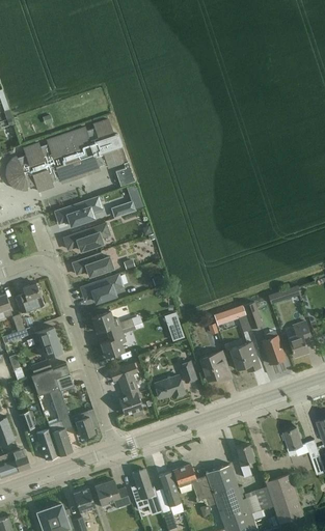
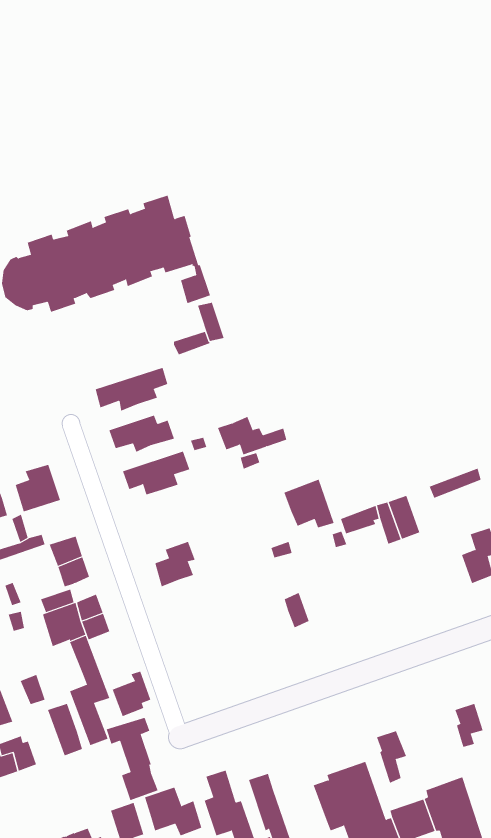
building: [55,197,101,225] -> none
building: [91,311,134,335] -> [217,416,287,455]
building: [263,335,286,364] -> none
building: [231,342,261,371] -> none
building: [199,351,231,381] -> [284,479,335,528]
building: [110,364,142,415] -> [106,717,159,801]
building: [154,375,185,398] -> none
building: [172,465,205,501] -> none

